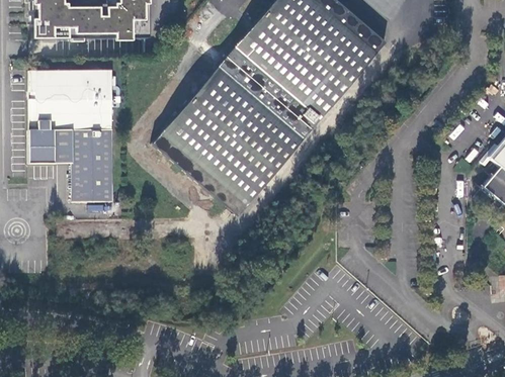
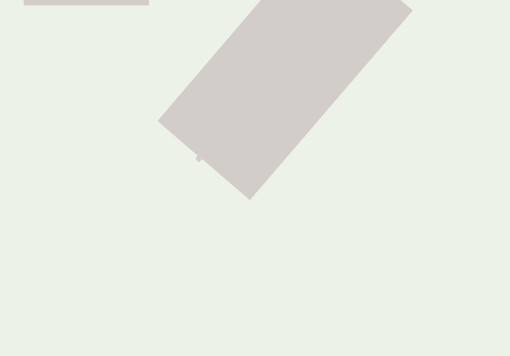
building: [28,69,112,200] -> none

